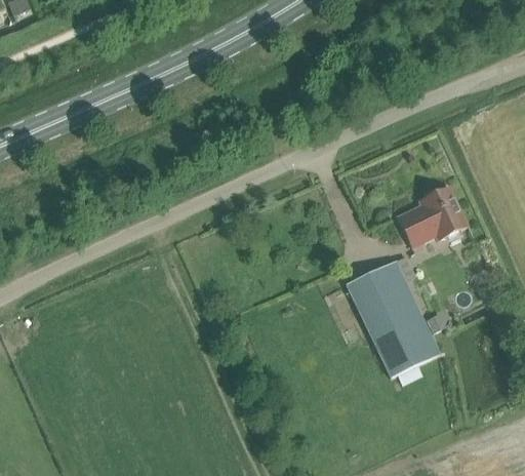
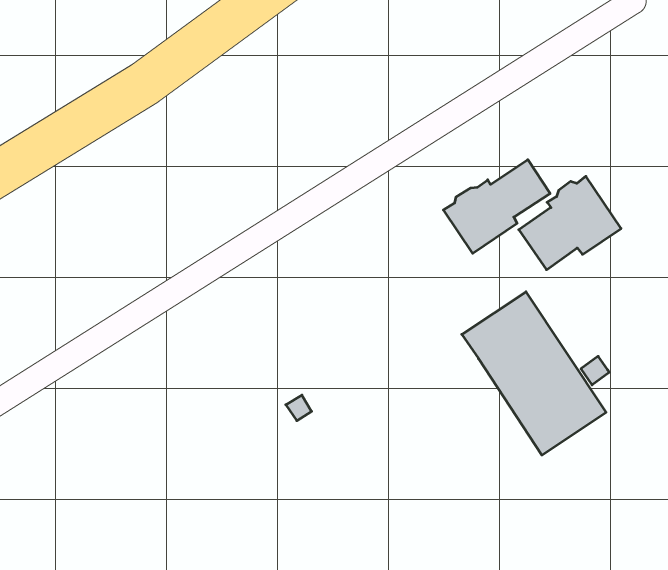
building: none -> [443,160,550,253]

